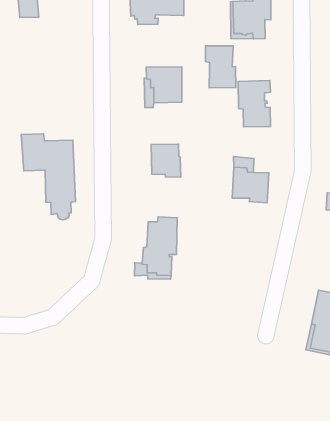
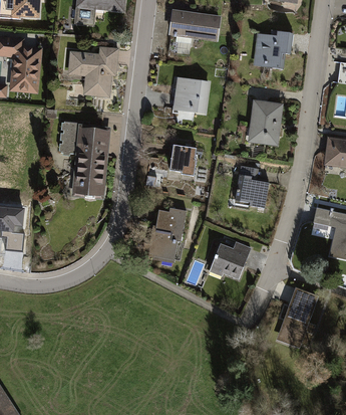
building: none -> [69,47,117,95]
building: [205,46,236,88] -> none
building: none -> [211,242,250,277]

